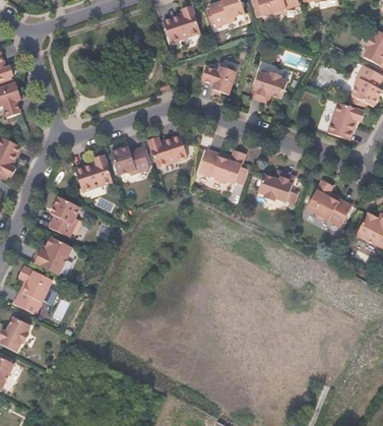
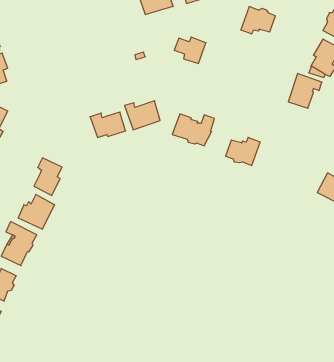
building: [251,71,289,101] -> [241,7,275,34]
building: [75,154,112,191] -> none
building: [308,181,353,227] -> none

